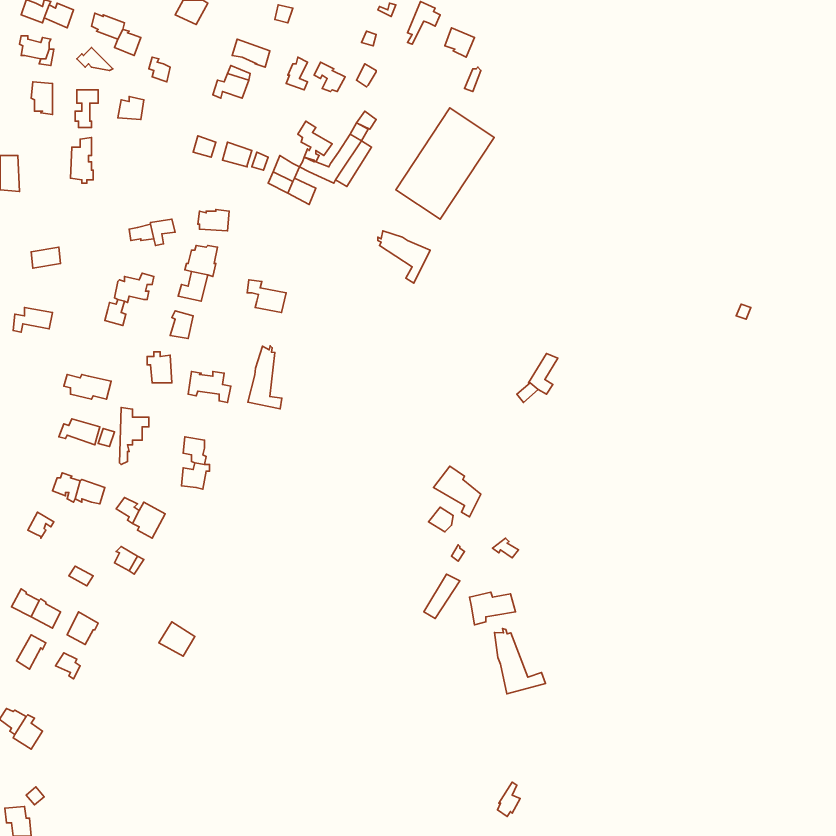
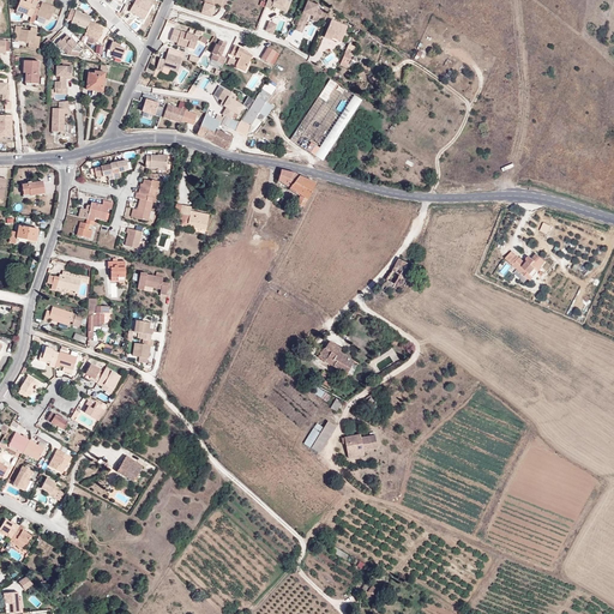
building: none -> [505,251,546,281]
building: [248,346,282,409] -> none
building: [494,629,545,694] -> none

